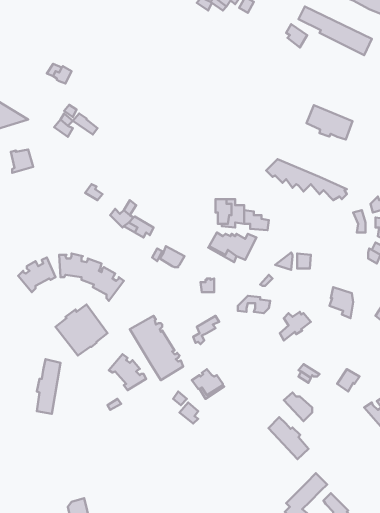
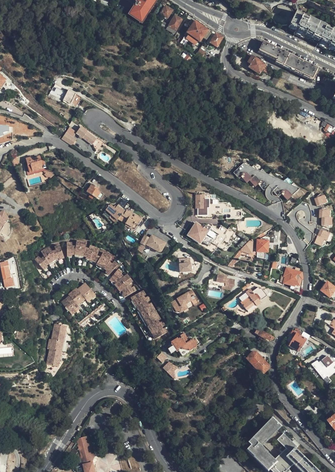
building: [307,105,353,140] -> none
building: [109,354,146,390] -> [105,269,135,298]
building: [269,417,309,459] -> none

